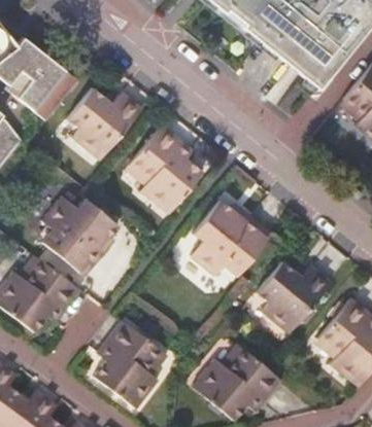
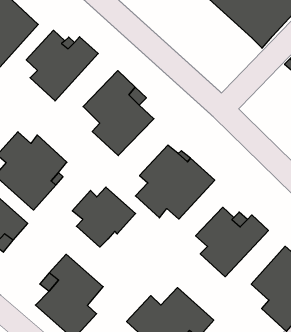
building: none -> [72,187,136,247]

